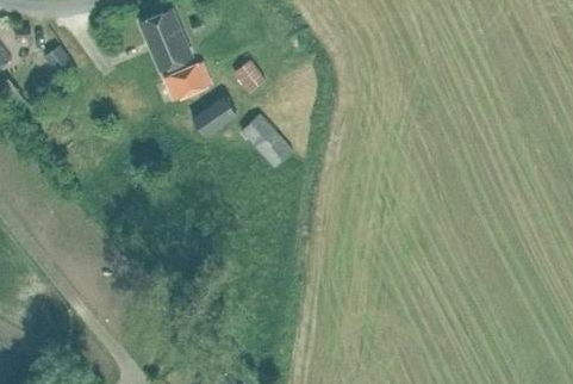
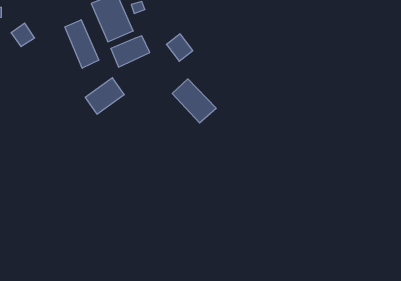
building: none -> [65,20,99,68]
building: [189,95,237,140] -> [85,78,124,114]

